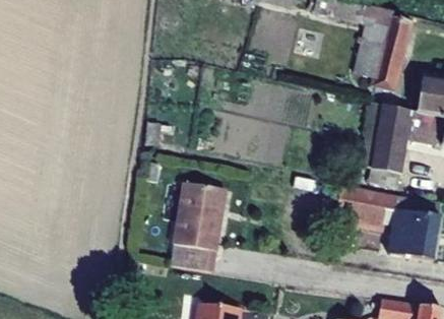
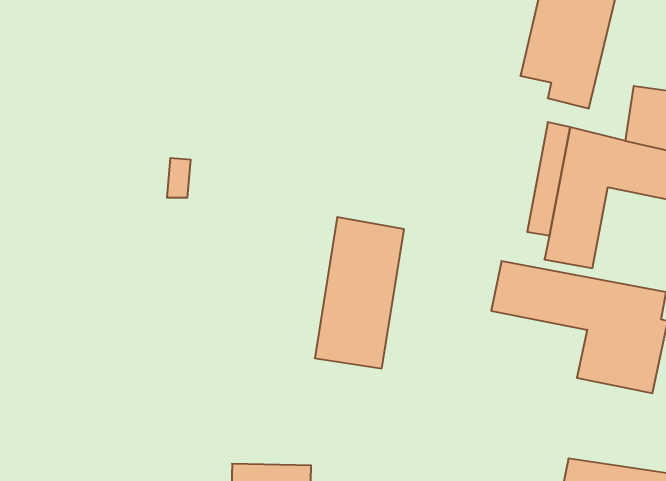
building: [173,181,226,270] -> [315,217,404,368]

